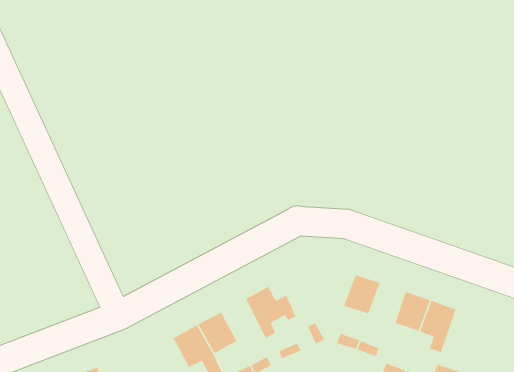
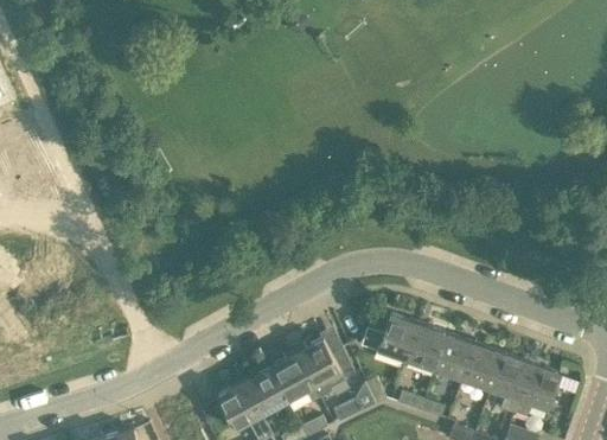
building: none -> [359,313,418,359]
building: none -> [434,333,474,378]
building: none -> [270,351,319,401]
building: none -> [515,363,558,416]

